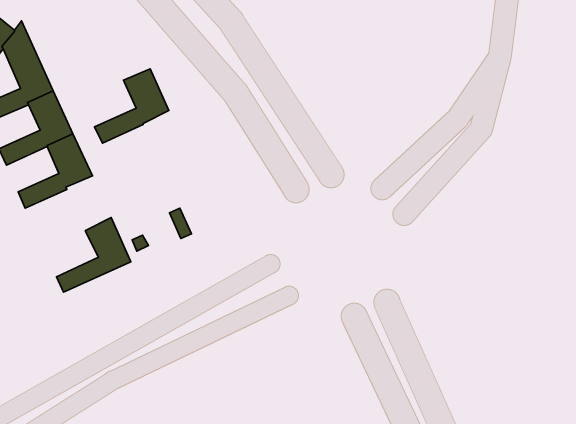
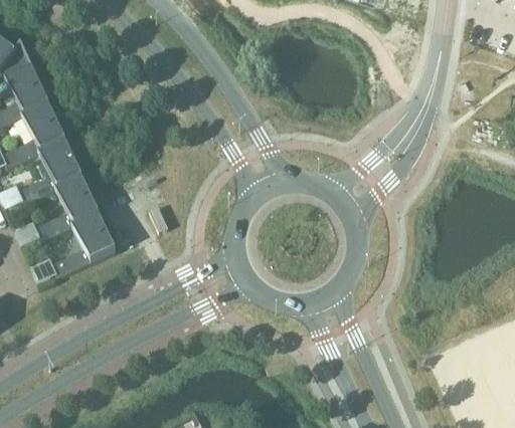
building: [94,69,169,143] -> [34,179,99,243]

